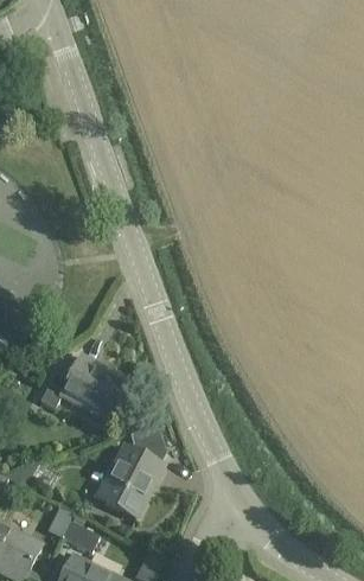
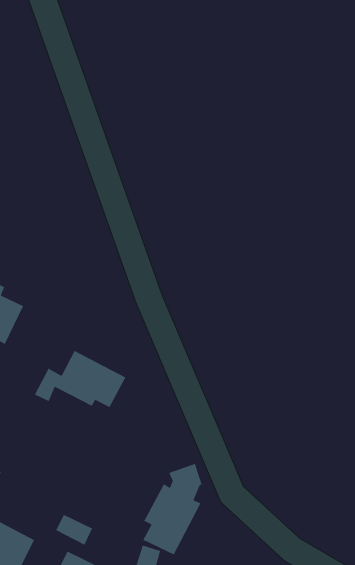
building: [102,424,162,517] -> [142,463,203,556]

